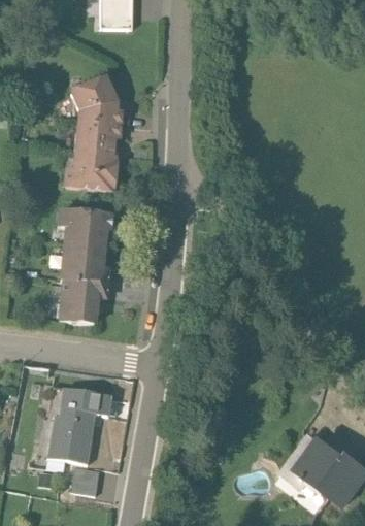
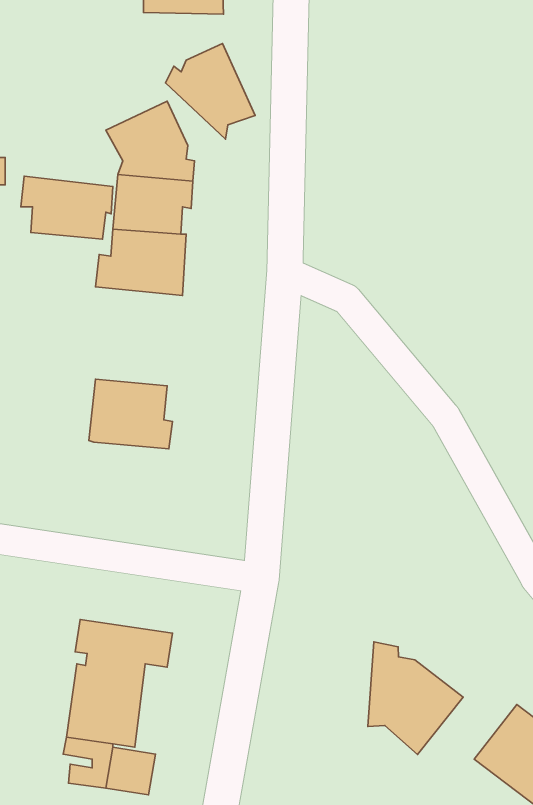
building: none -> [166,43,255,139]
building: [58,206,113,244] -> [21,176,113,239]
building: [60,278,108,323] -> none
building: none -> [368,642,463,755]

